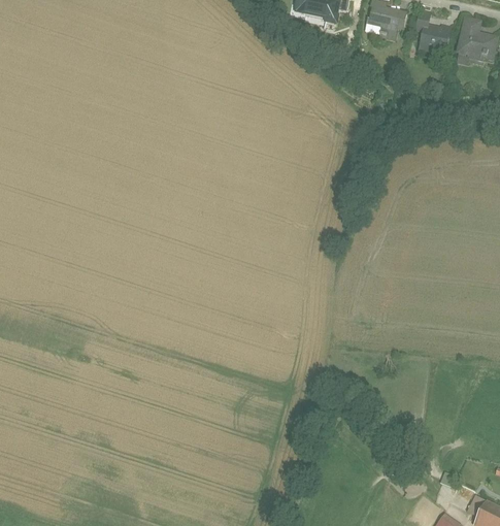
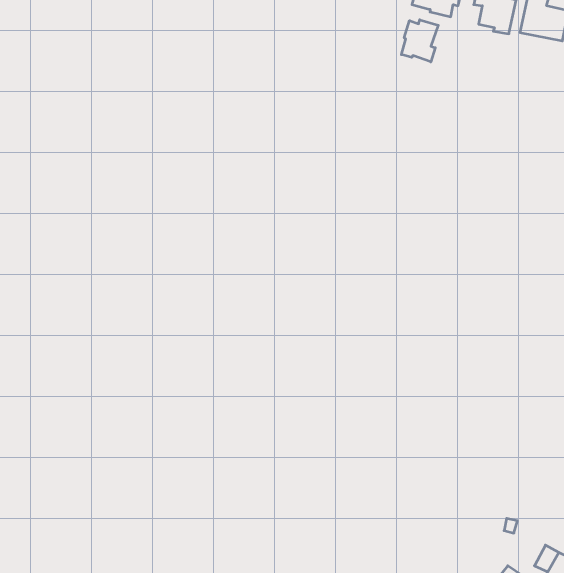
building: none -> [401,20,438,62]

